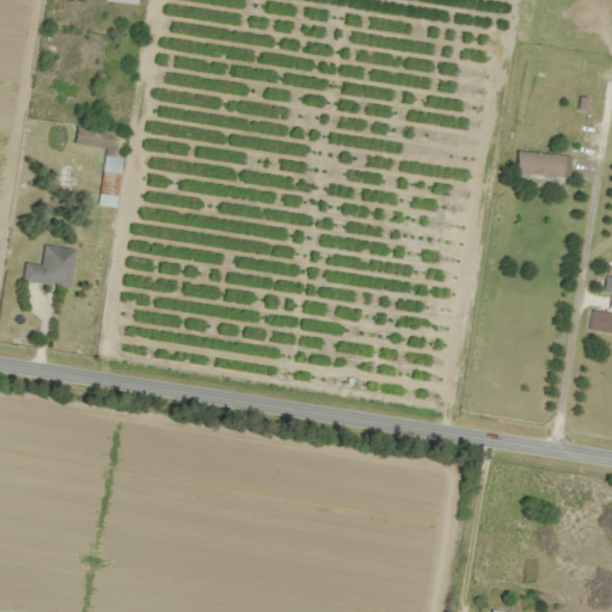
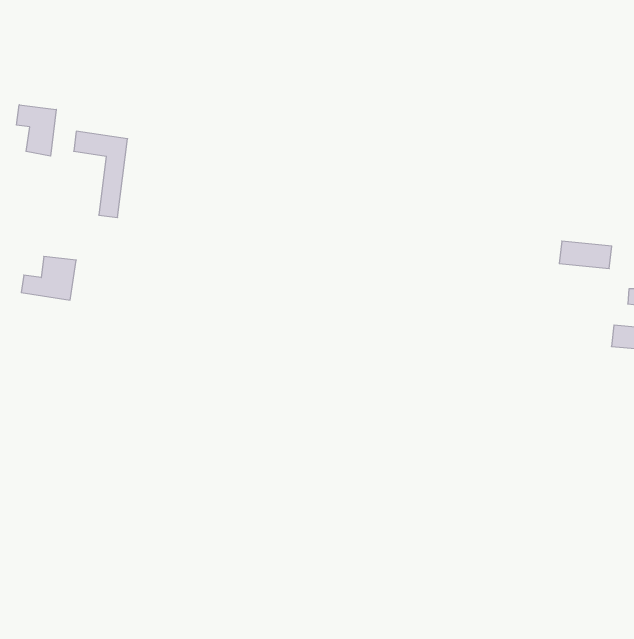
building: none -> [17,105,56,156]
building: [515,151,565,177] -> [559,241,612,269]

